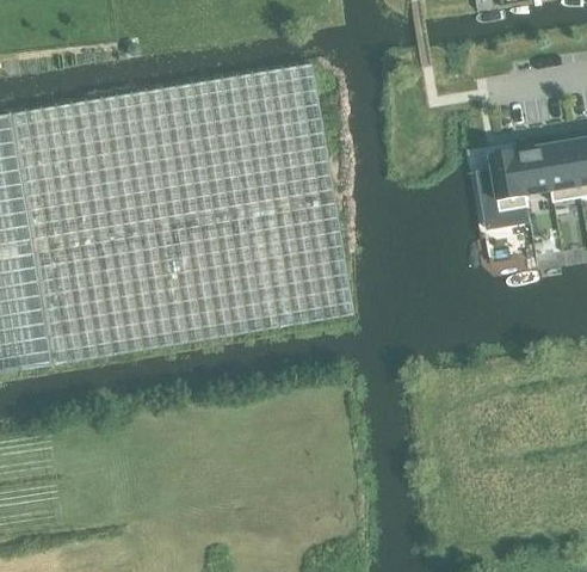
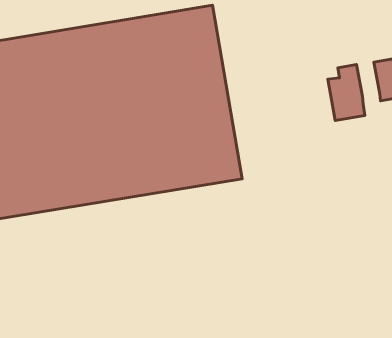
building: [519,146,552,196] -> none

